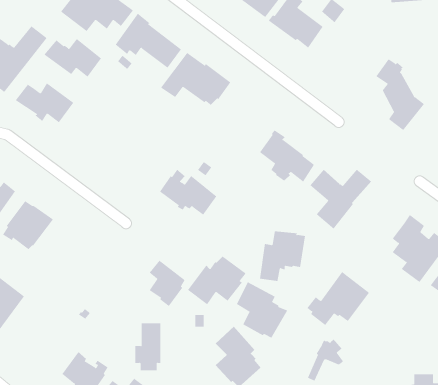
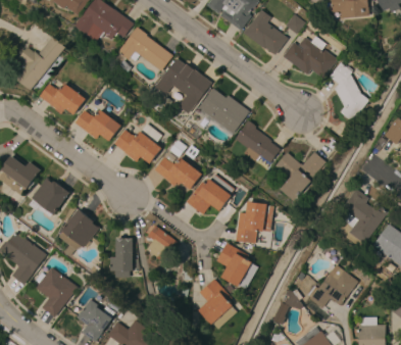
building: none -> [282,37,337,79]
building: [44,38,102,77] -> [73,109,120,141]
building: none -> [195,88,249,139]
building: none -> [113,130,161,164]
building: none -> [58,209,99,257]
building: [187,256,247,305] -> [186,175,234,214]
building: [307,271,370,326] -> [306,264,357,308]
building: none -> [34,267,77,317]
building: [135,323,161,371] -> [110,239,132,278]

